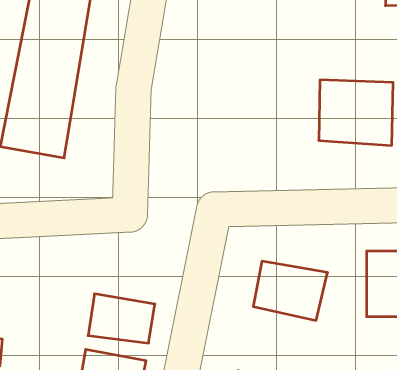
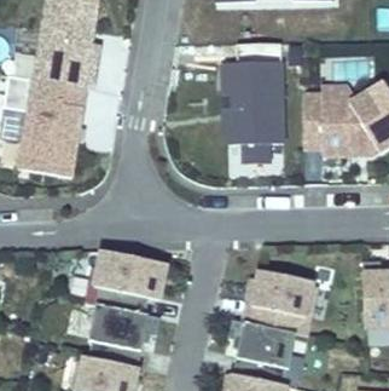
building: none -> [220,62,281,163]
building: none -> [99,253,163,301]
building: none -> [240,322,300,366]

